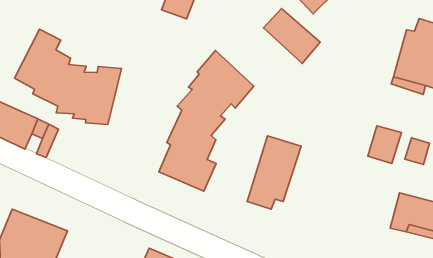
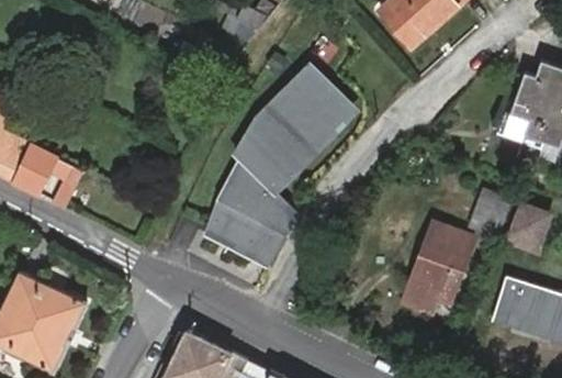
building: [263,9,320,63] -> [284,63,355,133]
building: [15,29,122,125] -> none
building: [247,136,301,209] -> [403,223,474,315]

